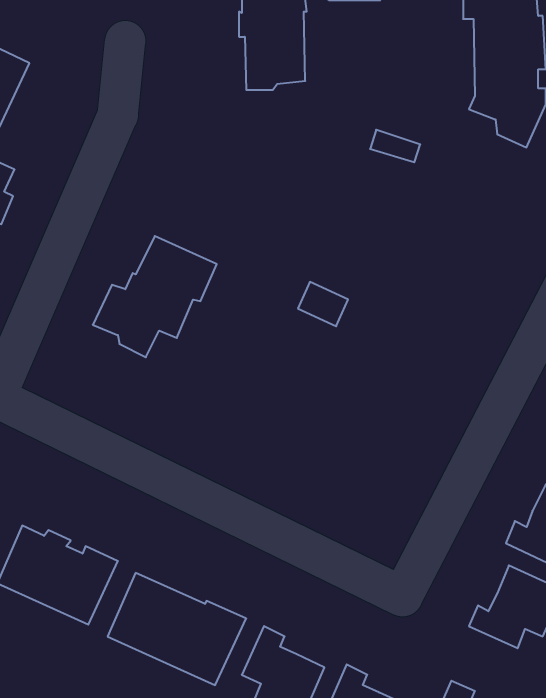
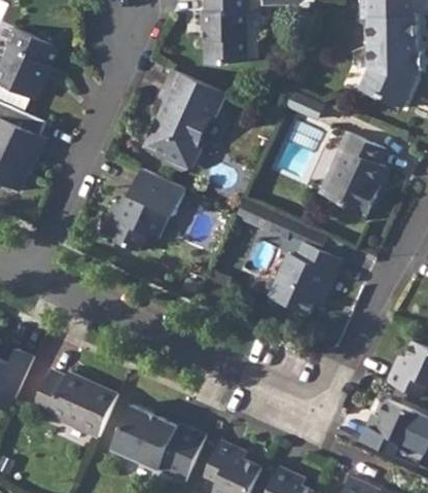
building: none -> [146,71,228,168]
building: none -> [325,131,386,214]
building: none -> [267,234,340,313]

